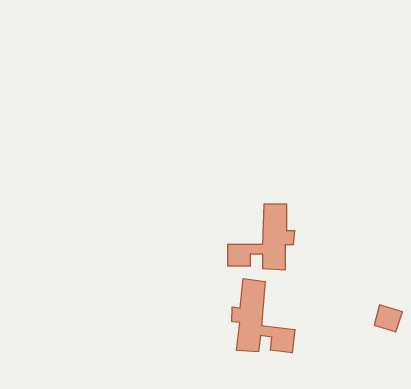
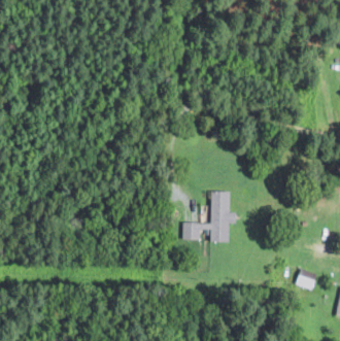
building: [232,279,295,353] -> none

